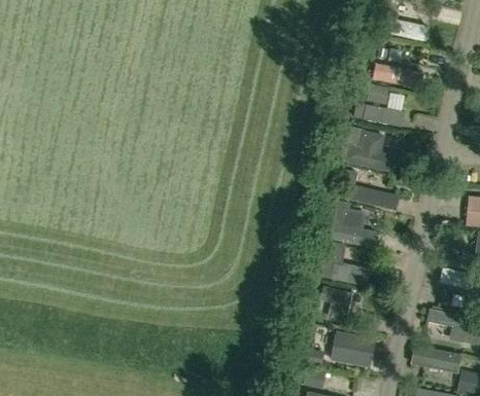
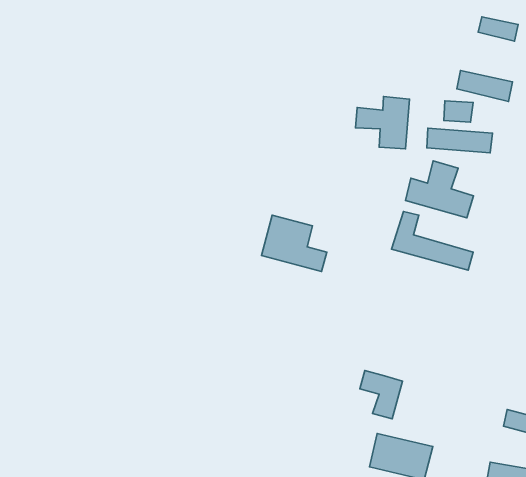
building: none -> [355,96,409,149]
building: [328,206,375,245] -> [262,215,327,272]
building: [319,241,368,284] -> none

